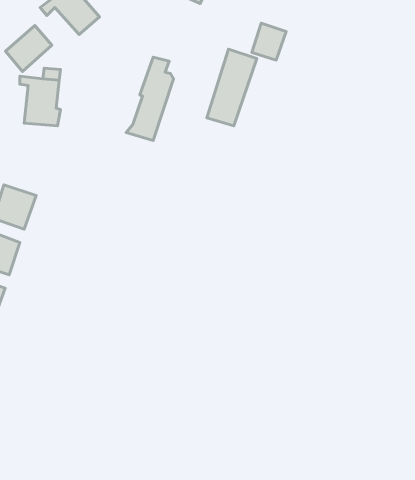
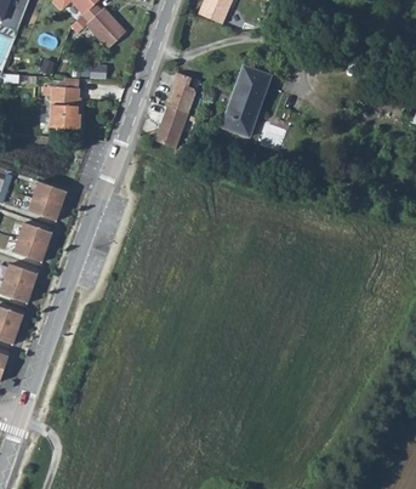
building: [252,23,286,60] -> none
building: [5,26,52,72] -> none

